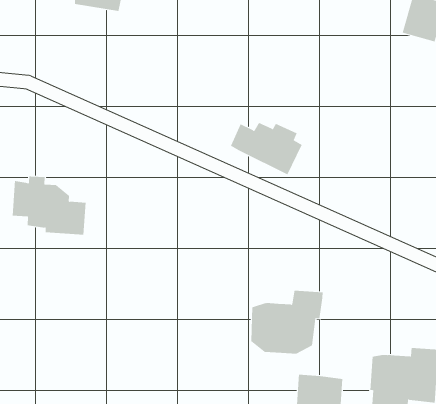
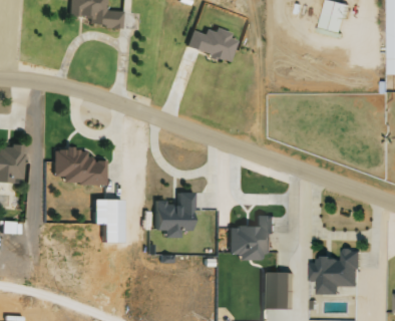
building: [230,122,303,175] -> [185,27,237,63]
building: none -> [152,190,195,236]
building: none -> [90,199,118,242]

